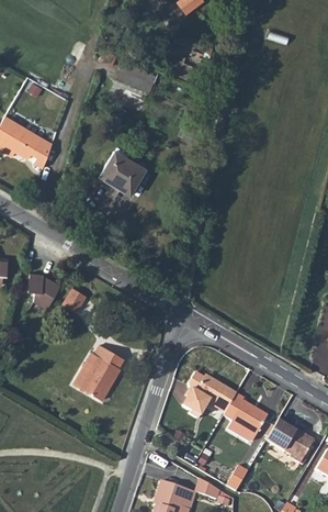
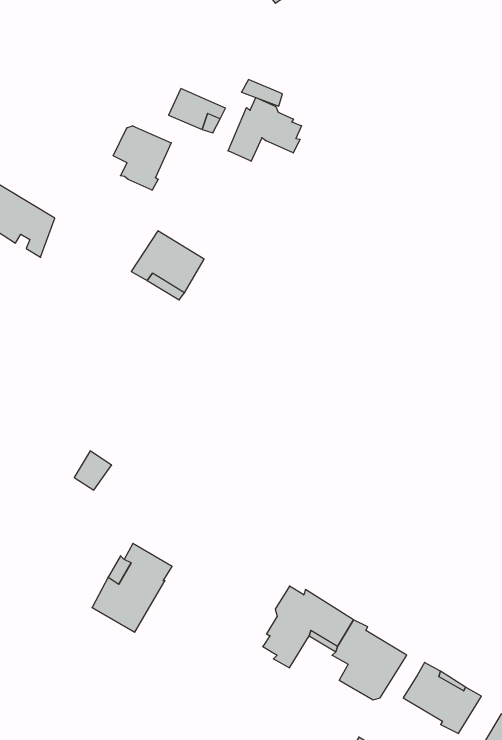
building: none -> [228,98,302,161]
building: none -> [113,126,171,190]
building: [27,274,60,309] -> none

